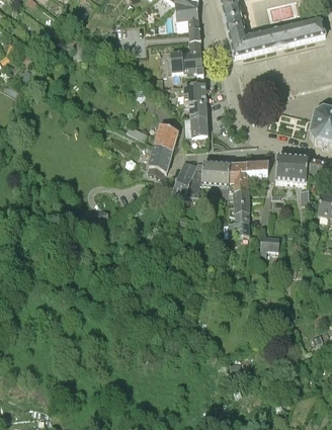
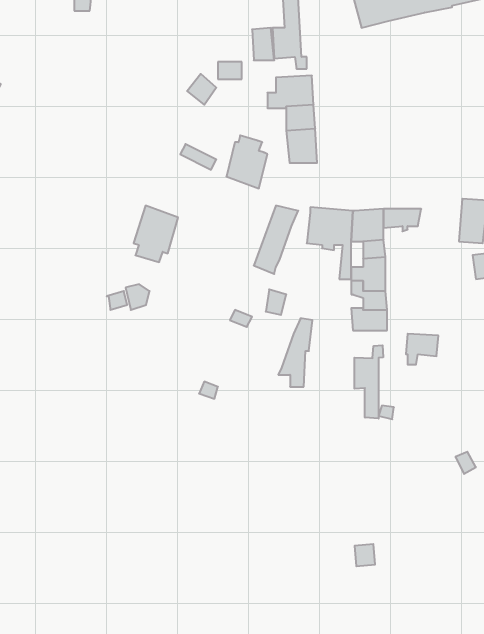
building: [147,143,173,176] -> [134,206,178,262]
building: [275,154,294,181] -> none
building: [183,163,203,203] -> [278,318,312,387]
building: none -> [354,345,383,419]

